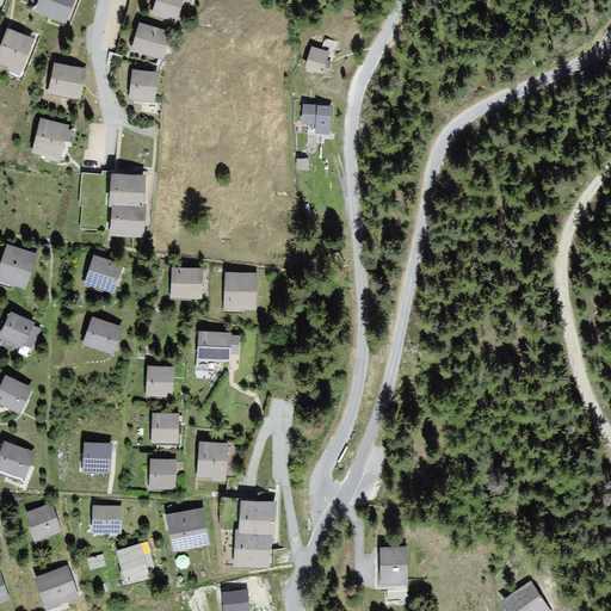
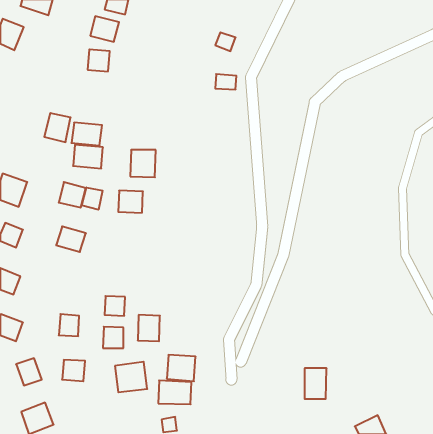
building: [47,61,88,98] -> none
building: [31,118,68,159] -> [44,113,71,142]
building: none -> [82,187,103,210]
building: [223,272,259,310] -> [130,150,156,177]
building: [197,332,230,362] -> none
building: [144,365,173,397] -> none
building: [115,544,150,585] -> none
building: [379,547,411,590] -> [305,368,327,399]

